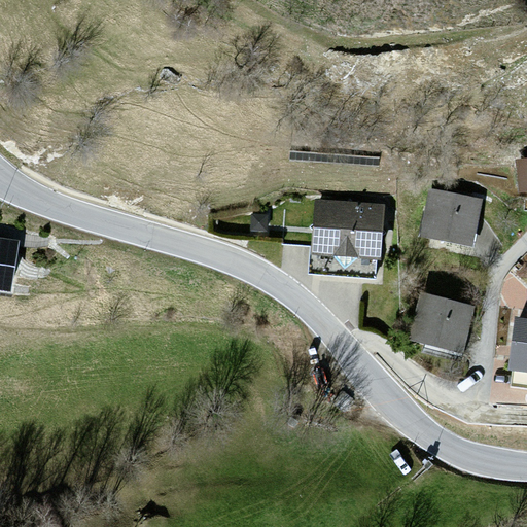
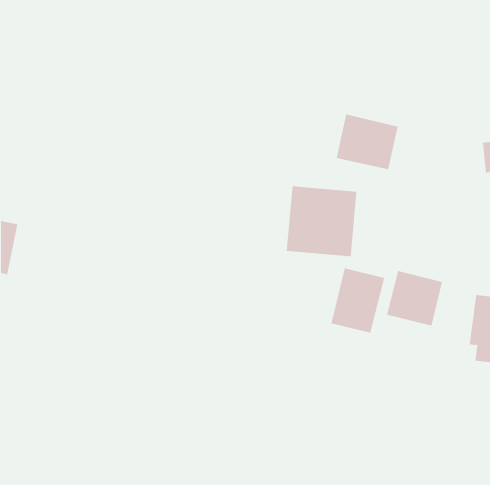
building: [418,186,485,246] -> [336,114,398,170]
building: none -> [331,268,385,333]

